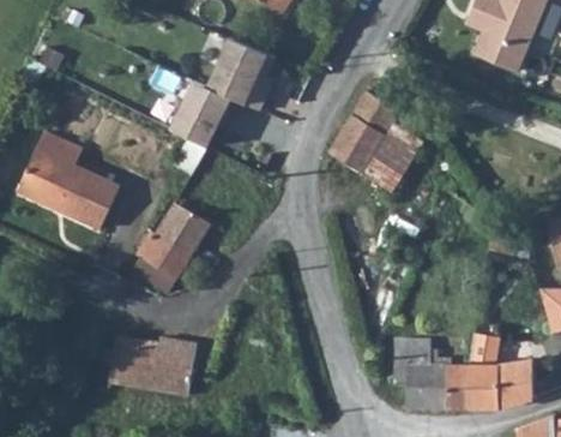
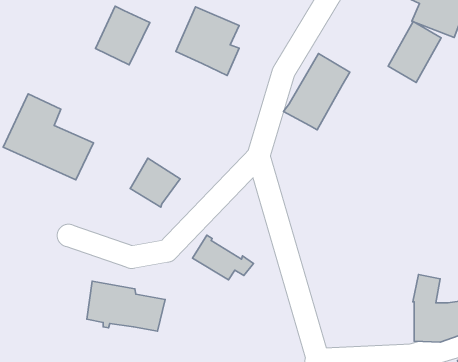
building: [175,82,235,146] -> [96,6,150,65]
building: [362,124,421,191] -> [388,21,441,82]
building: [135,232,203,281] -> [193,235,253,280]
building: [394,339,469,406] -> none

